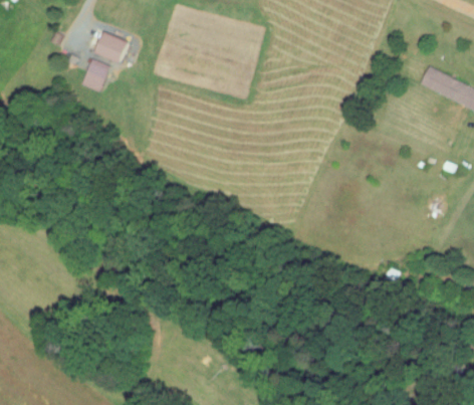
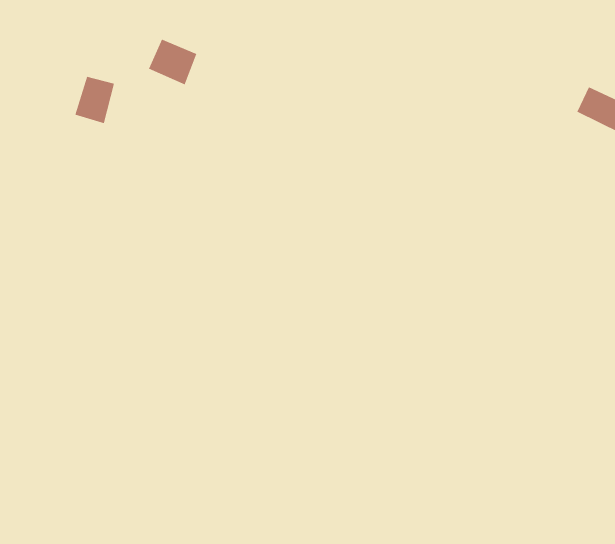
building: [95,32,129,63] -> [148,39,197,85]

